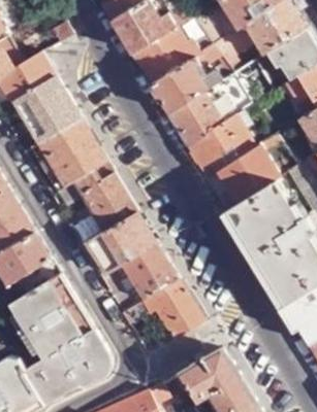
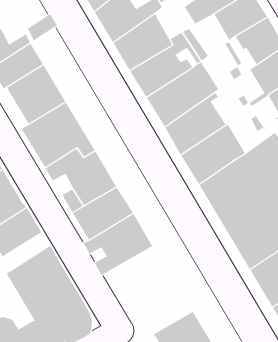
building: [119,278,203,356] -> none

